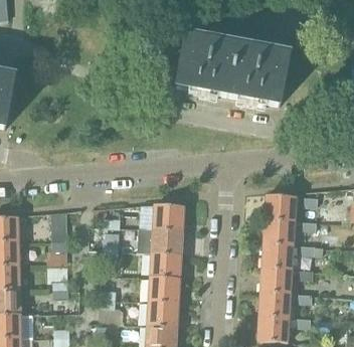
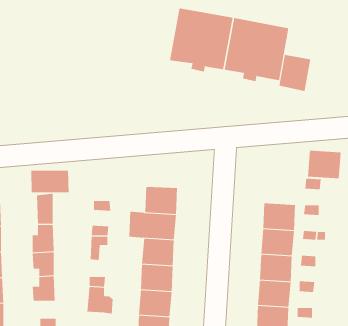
building: none -> [279,54,311,92]
building: none -> [31,170,69,193]
building: [264,194,297,221] -> [307,150,341,179]

